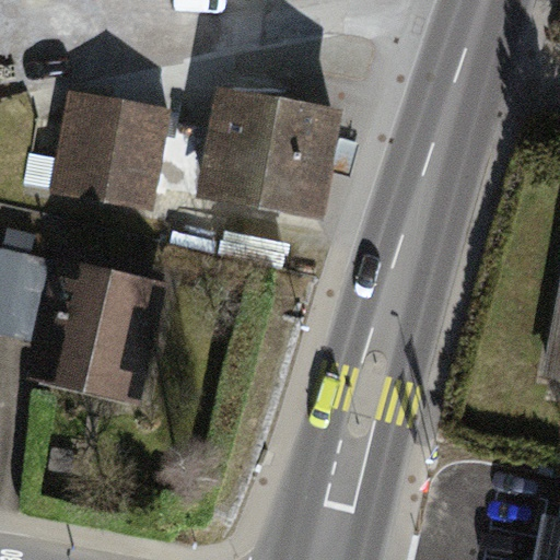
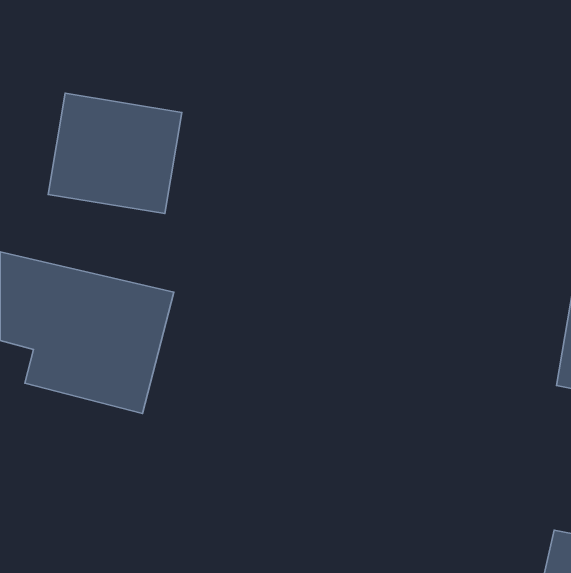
building: [197,86,342,221] -> none

